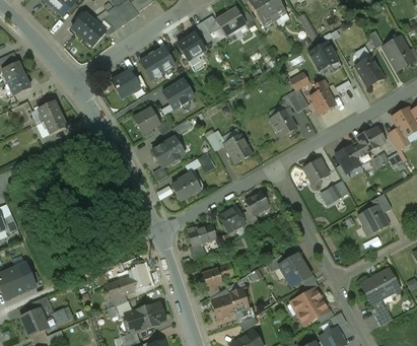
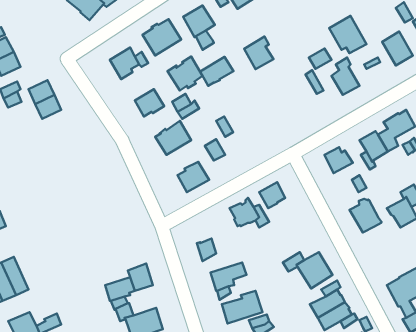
building: none -> [200,57,233,86]
building: [270,107,296,136] -> [244,36,273,69]
building: [223,133,252,162] -> none
building: none -> [349,199,382,232]
building: [187,224,215,246] -> none

